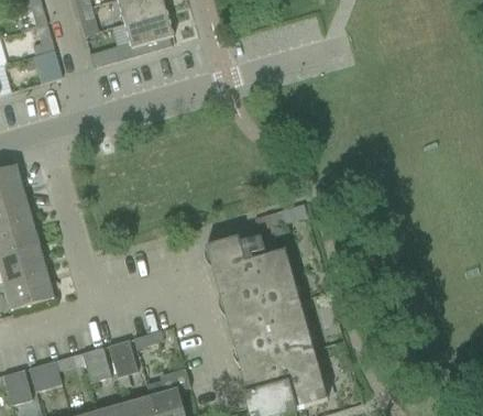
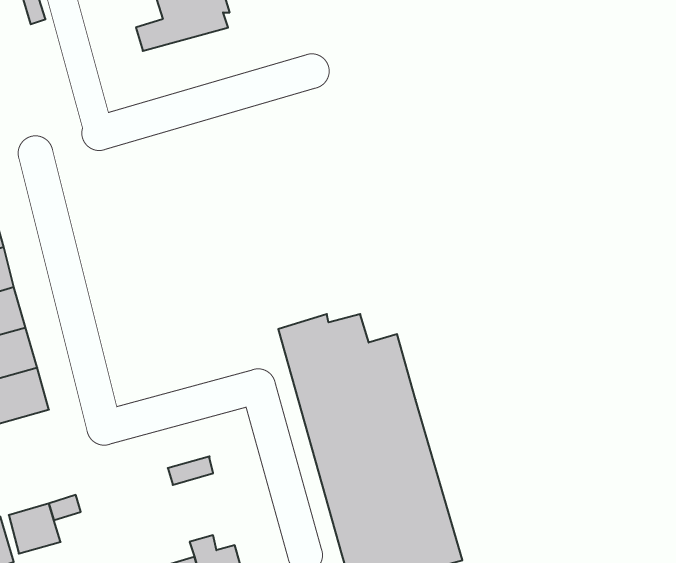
building: [32,50,62,84] -> none
building: [107,338,136,377] -> none
building: [80,344,110,382] -> none

